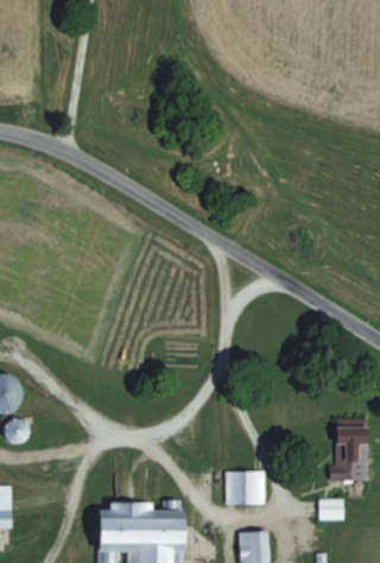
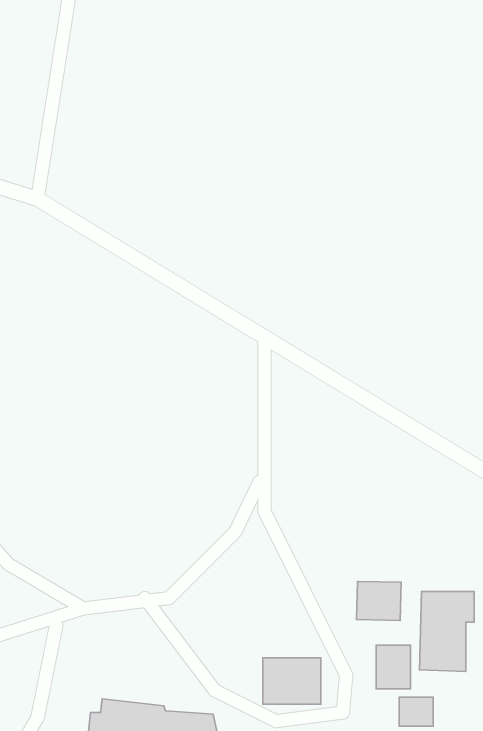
building: none -> [357,581,401,620]
building: none -> [376,645,411,689]

